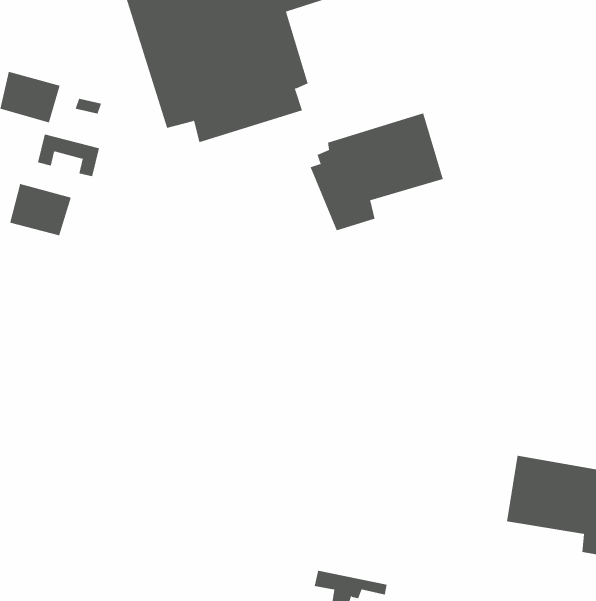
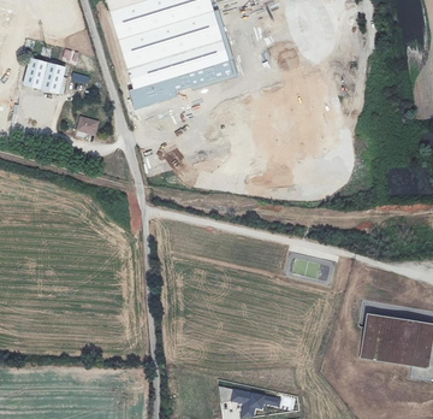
building: [310,112,443,231] -> none
building: [10,183,71,236] -> none

